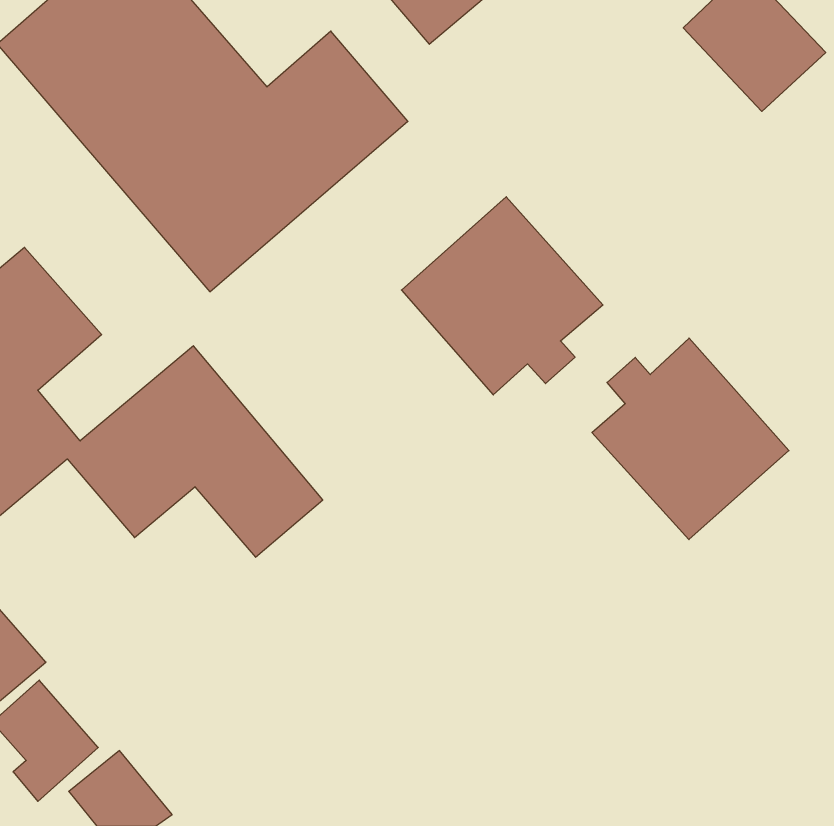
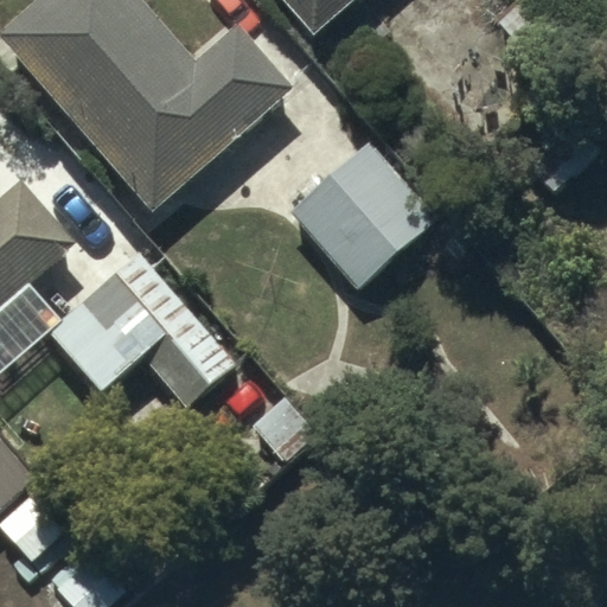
building: [592,338,789,540] -> none

